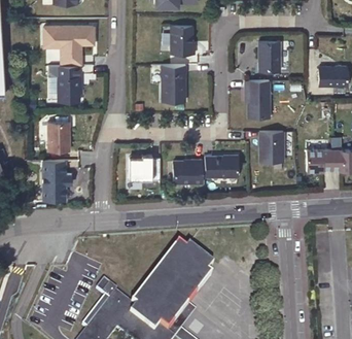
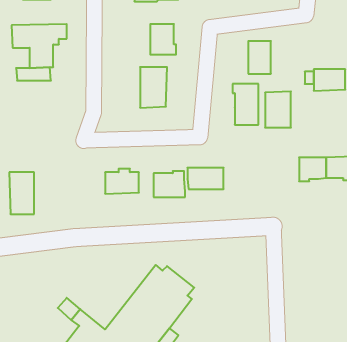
building: [57,78,81,103] -> none
building: [46,124,68,152] -> none
building: [259,132,283,165] -> [265,91,291,128]

